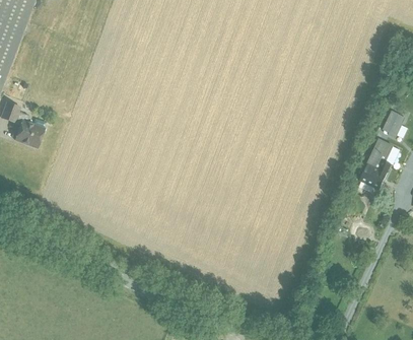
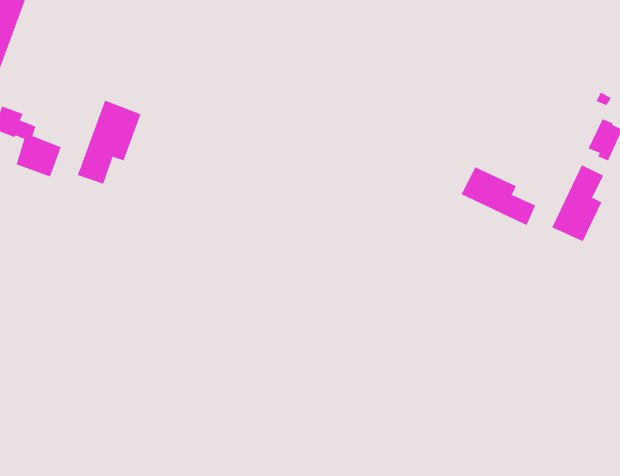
building: none -> [77,100,141,184]
building: none -> [461,166,536,226]

